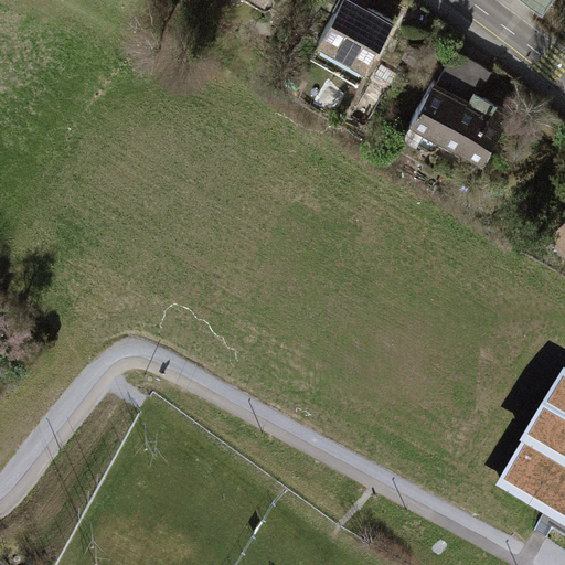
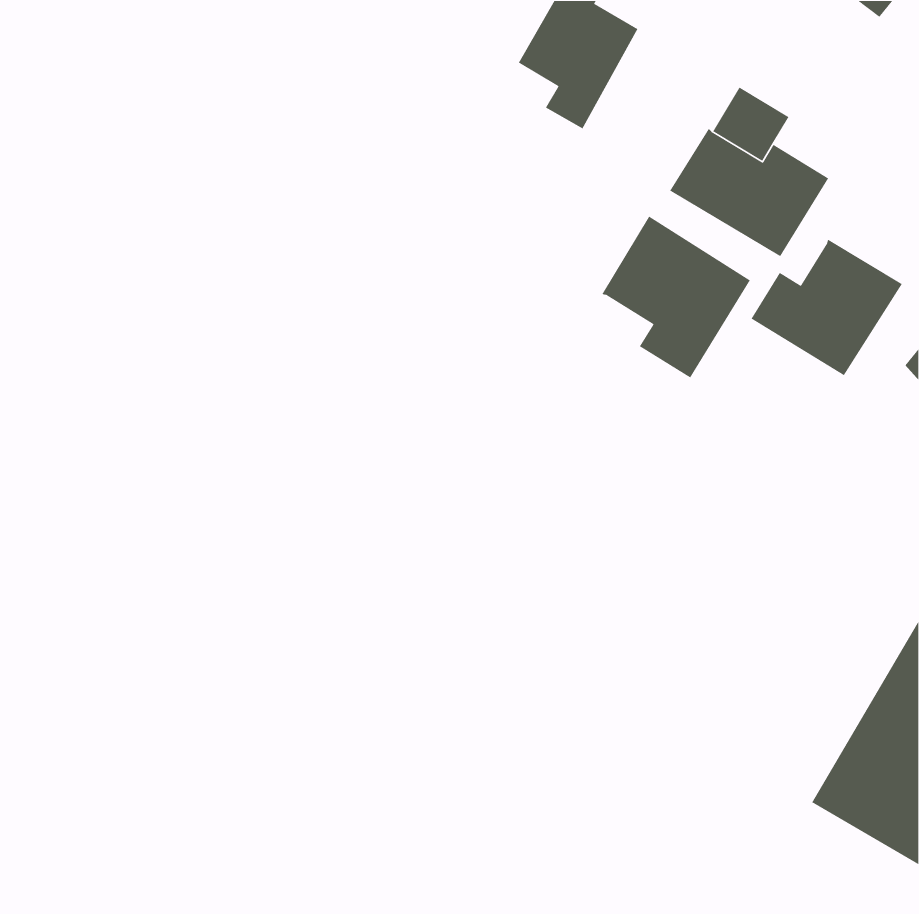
building: none -> [601,215,751,378]
building: none -> [751,238,903,376]

